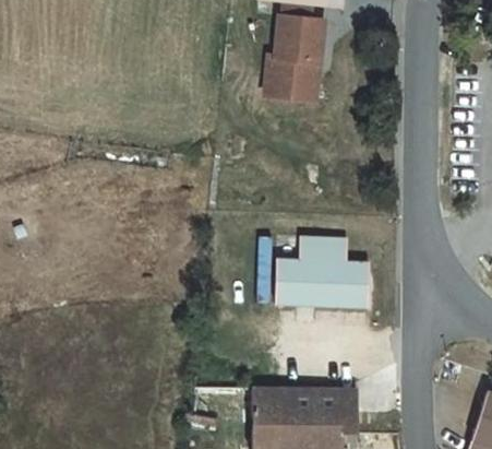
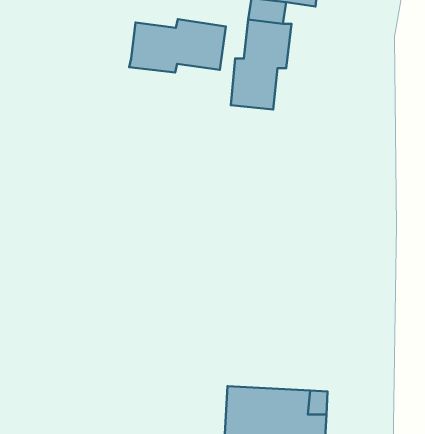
building: none -> [129,19,226,73]
building: [278,235,362,309] -> none

